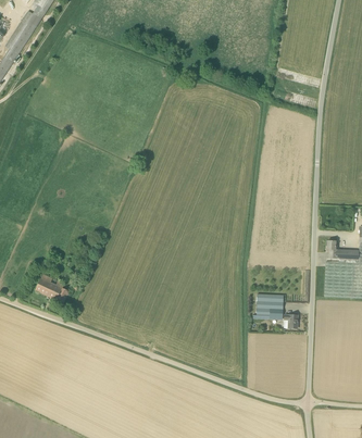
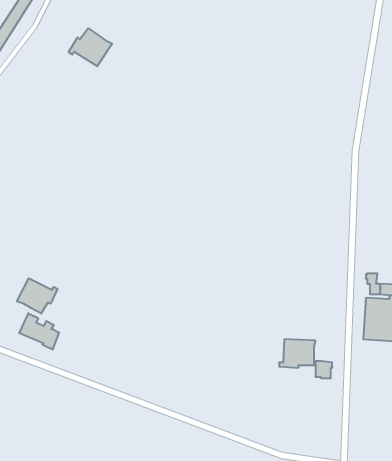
building: none -> [69,28,112,66]
building: none -> [17,278,57,314]

